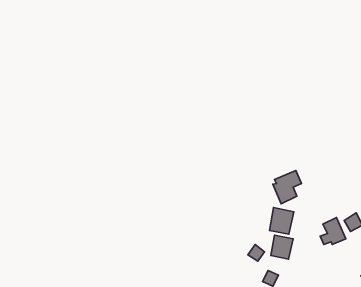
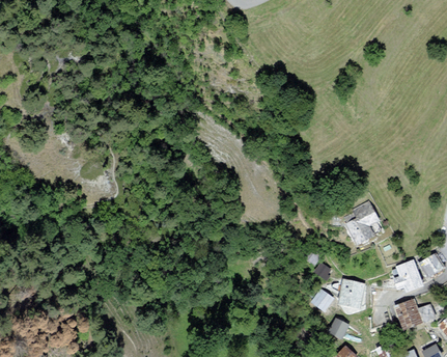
building: [270,208,294,234] -> none
building: none -> [396,300,434,327]

